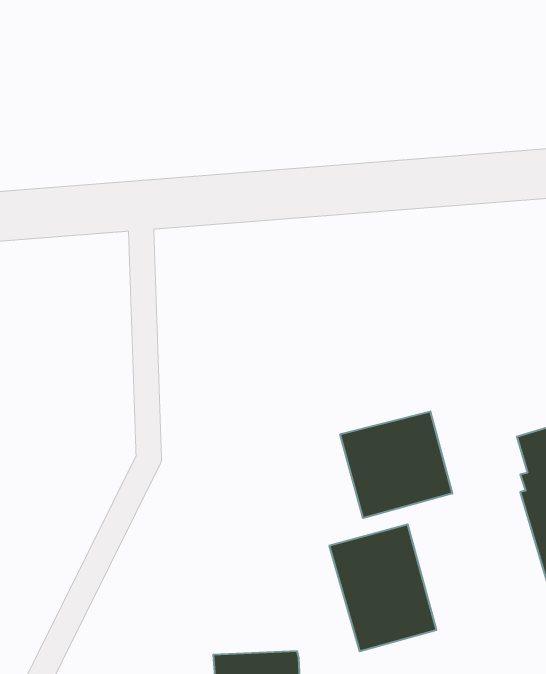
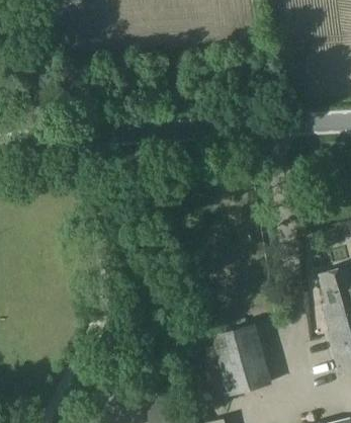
building: [340,411,452,518] -> none

